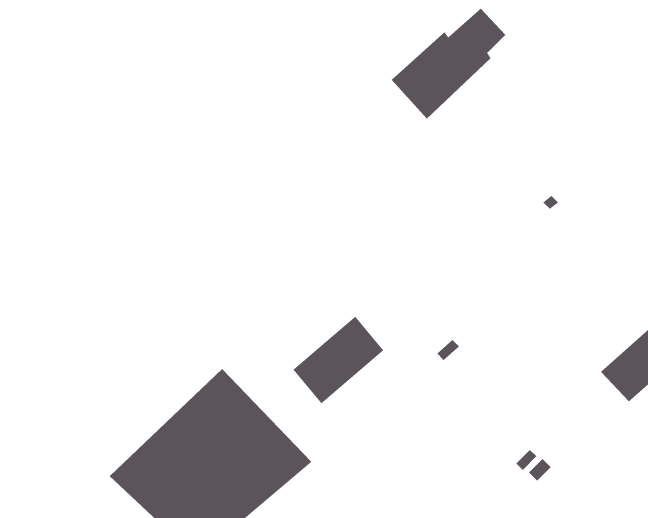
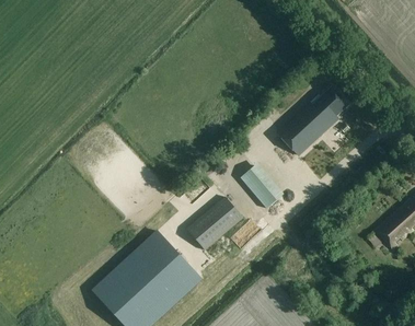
building: [391,8,506,119] -> [278,86,348,154]
building: none -> [241,160,287,207]

